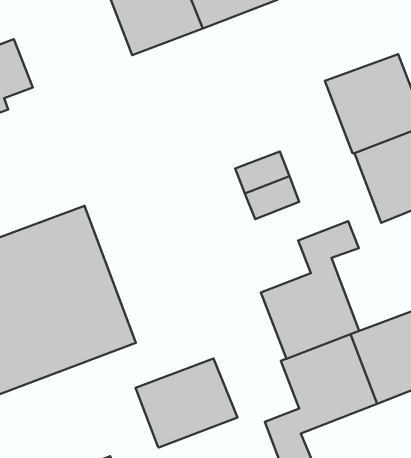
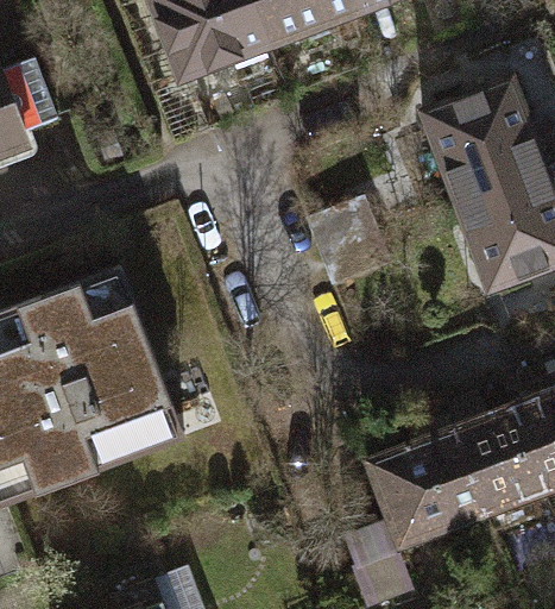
building: [261,221,359,359] -> none
building: [136,358,237,448] -> none

